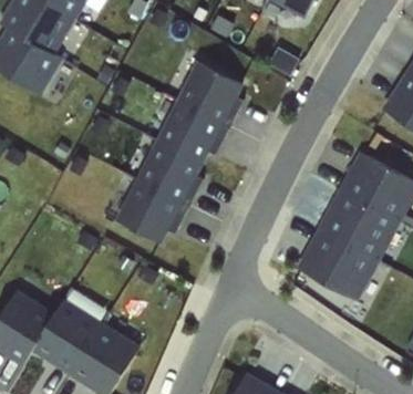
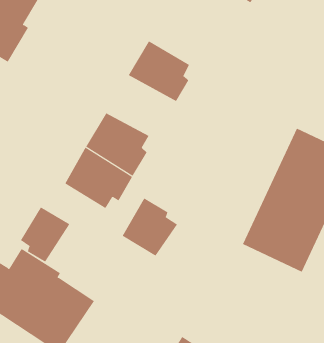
building: [153,101,227,164] -> none
building: none -> [122,198,178,257]
building: none -> [20,207,70,262]

